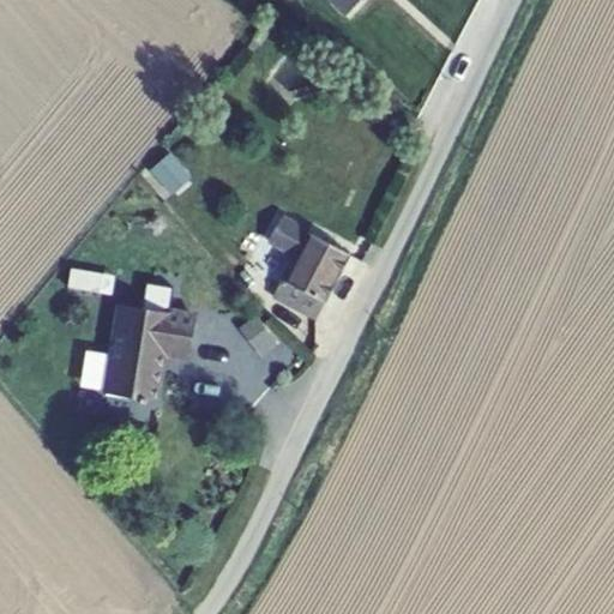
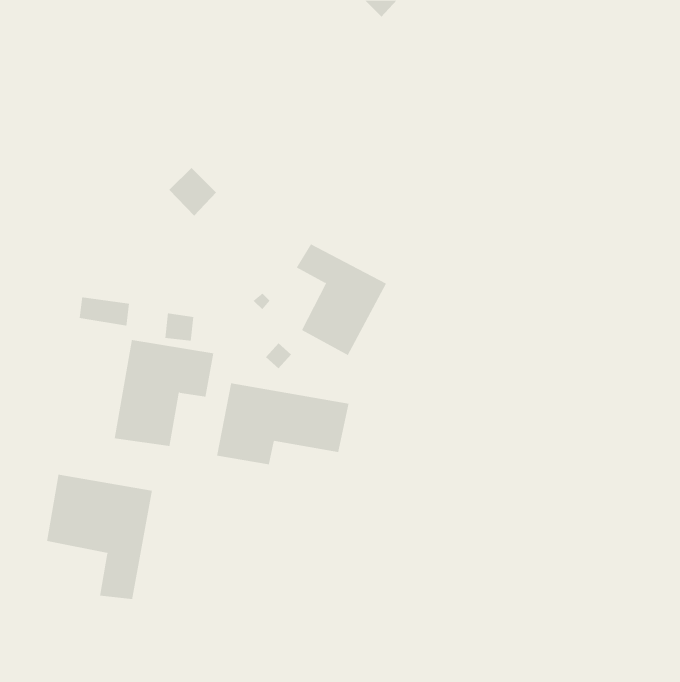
building: none -> [216,382,349,465]
building: none -> [46,474,153,600]

